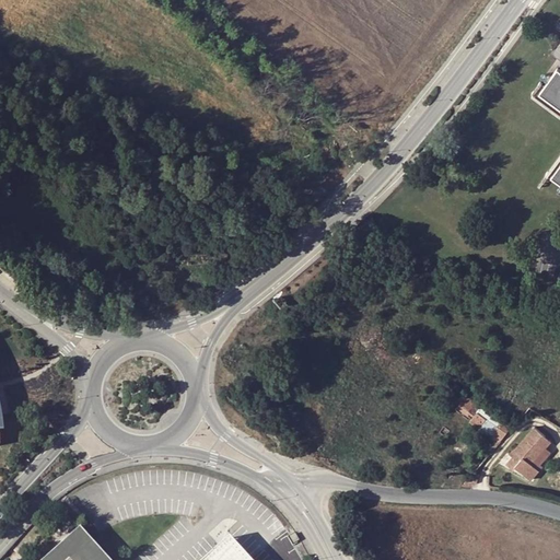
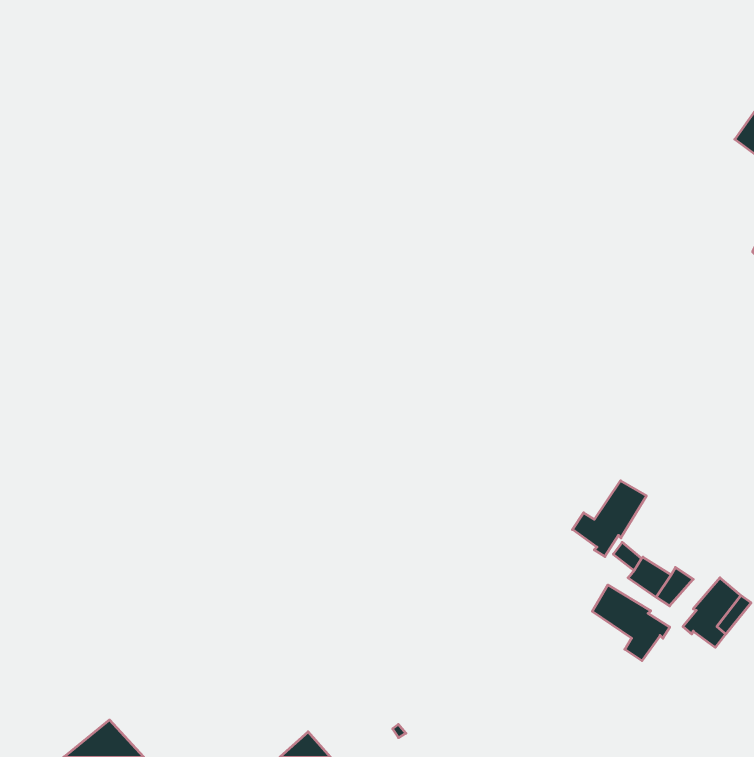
building: none -> [572,481,646,557]
building: none -> [592,585,670,661]

